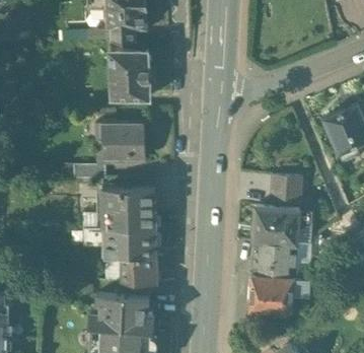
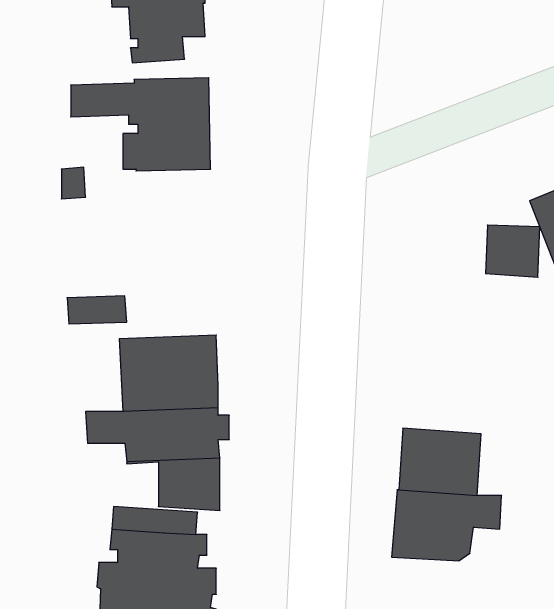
building: [101,126,145,163] -> none
building: [272,176,301,205] -> [486,225,540,277]
building: [253,207,299,245] -> none

